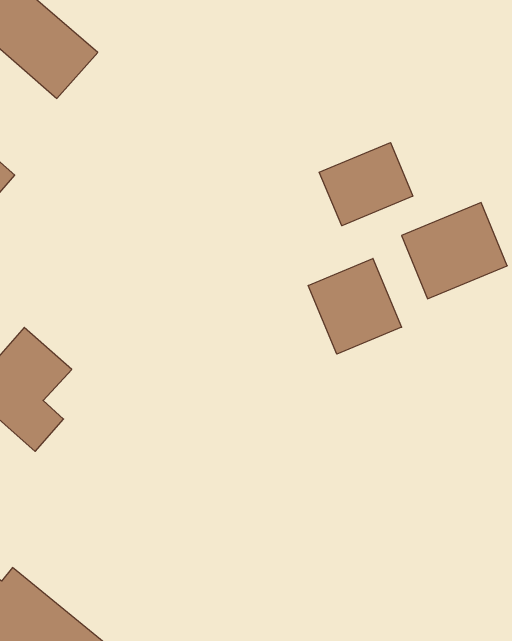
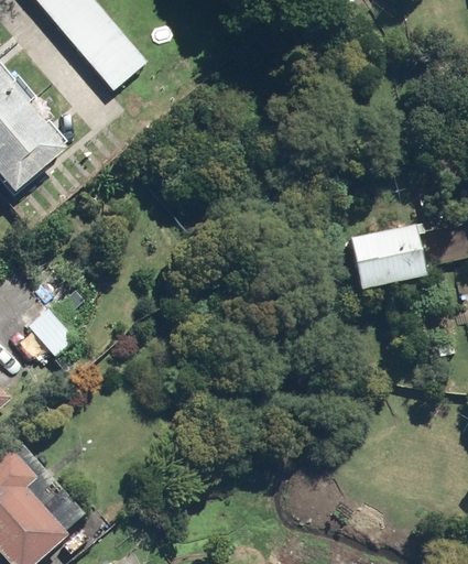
building: [319,143,413,226] -> none
building: [308,258,402,354] -> none

